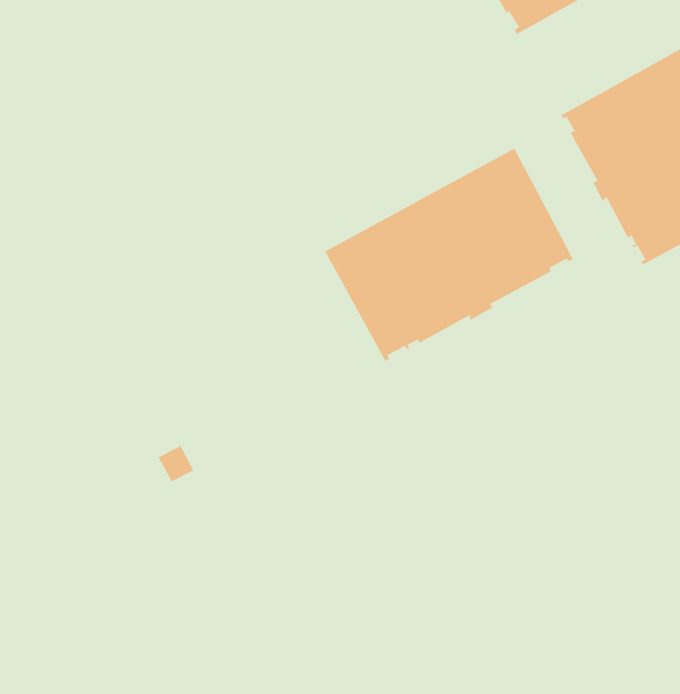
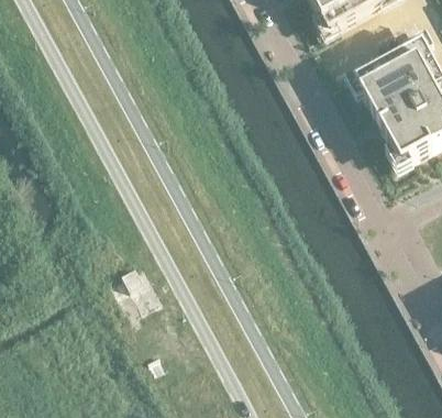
building: [325,148,574,362] -> none

